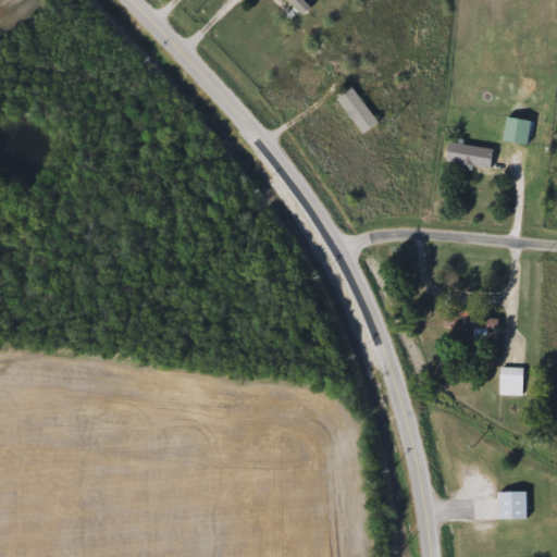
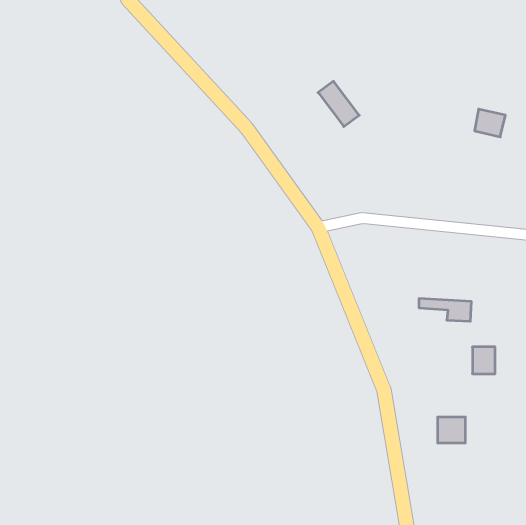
building: [445,143,494,170] -> none
building: [498,492,528,519] -> [438,417,465,443]

